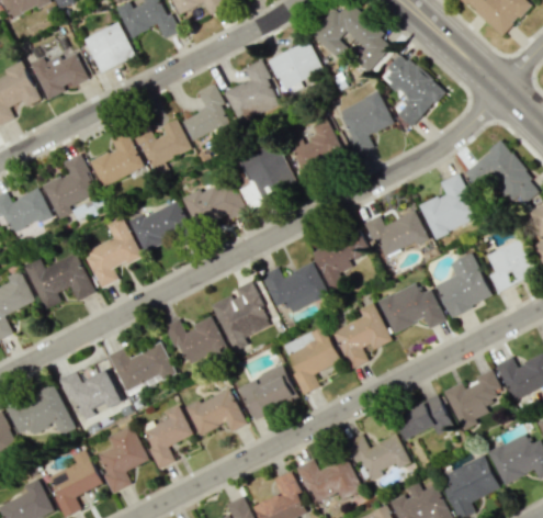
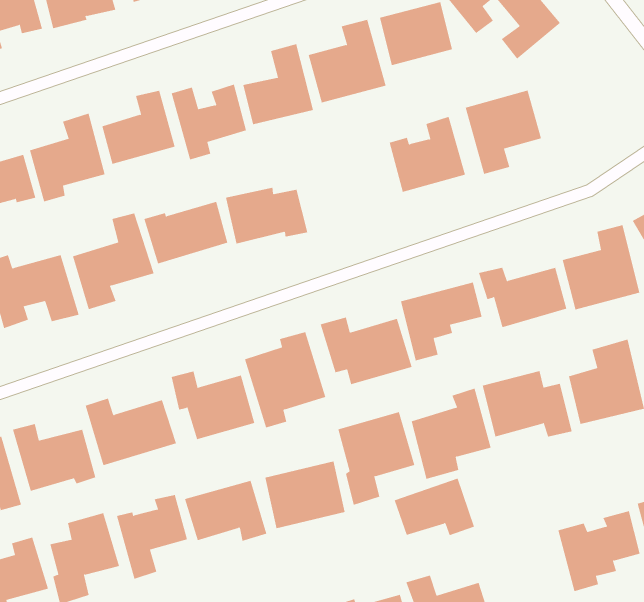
building: [381,53,444,127] -> none
building: [238,143,296,209] -> none
building: [396,395,454,440] -> [394,478,475,536]

